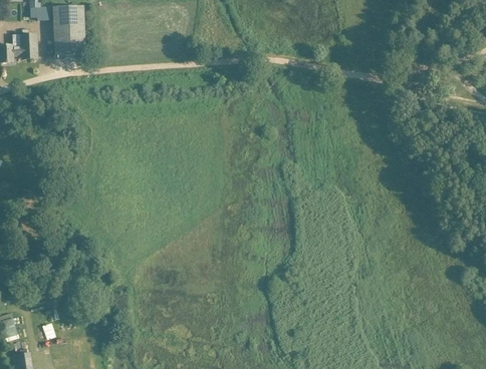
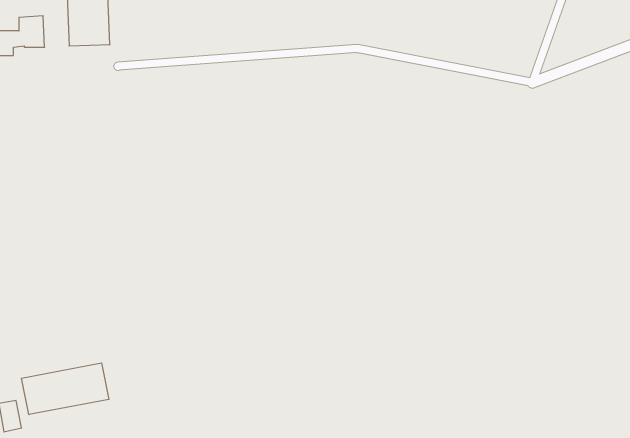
building: none -> [22,363,109,415]

